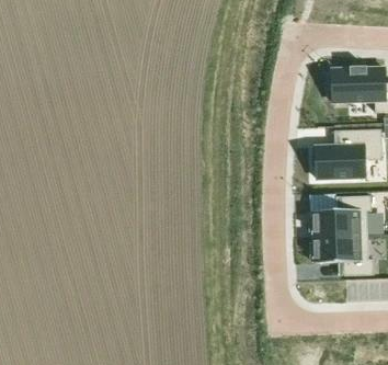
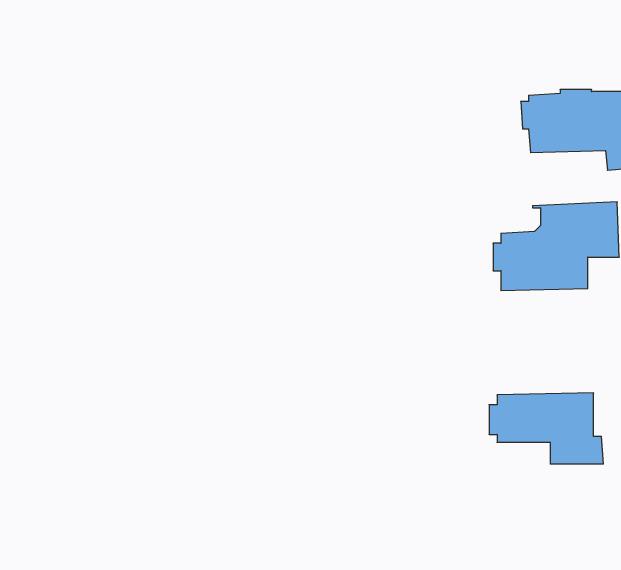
building: [308,195,370,236] -> none

